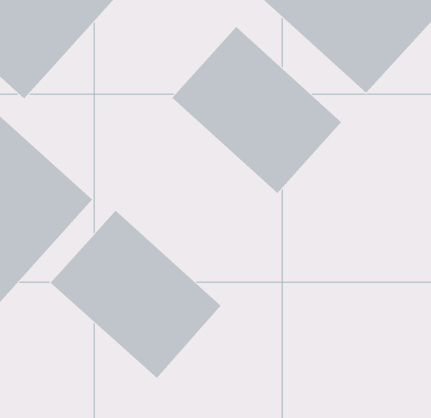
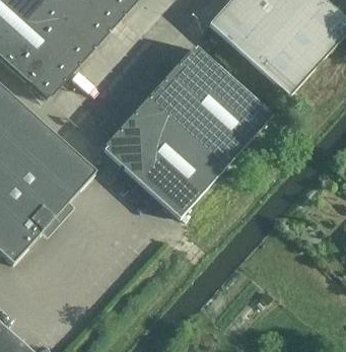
building: [50,210,221,379] -> [103,97,225,217]

